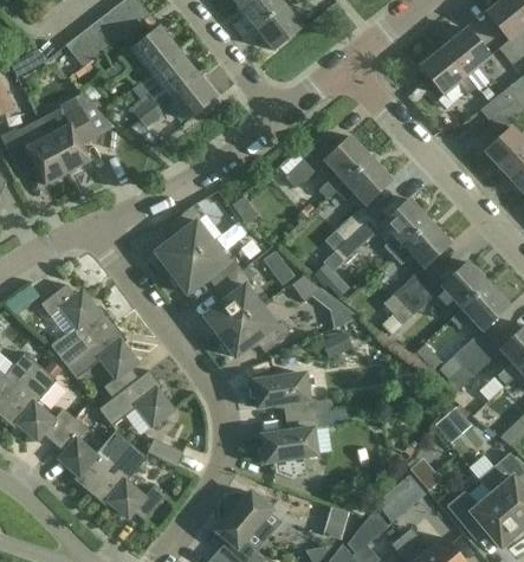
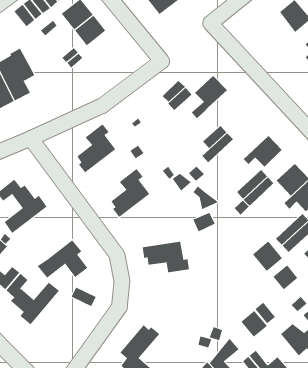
building: [421,46,476,95] -> none
building: [169,72,216,118] -> none
building: [336,157,392,205] -> none
building: [382,199,429,256] -> none
building: [167,241,241,293] -> none
building: [215,305,290,357] -> none
building: [63,323,138,399] -> none
building: none -> [252,241,283,272]
building: [258,411,332,478] -> none
building: [90,444,166,521] -> none

